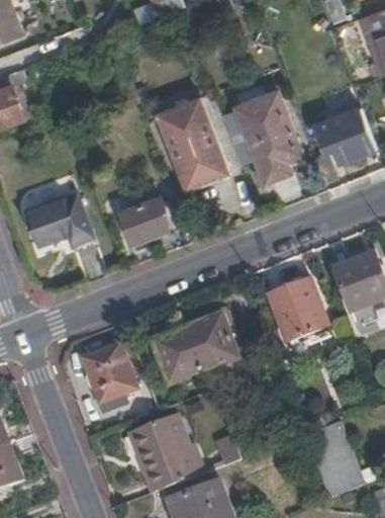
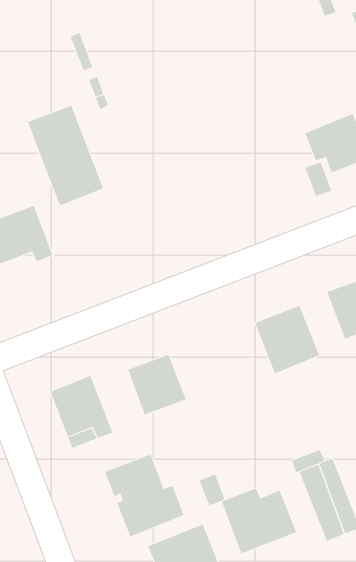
building: [234,88,307,181] -> none
building: [157,97,226,189] -> [27,105,104,206]
building: [118,198,166,243] -> none
building: [190,315,235,367] -> none
building: none -> [221,488,297,554]

